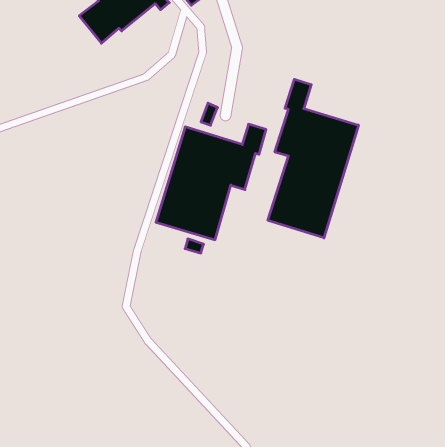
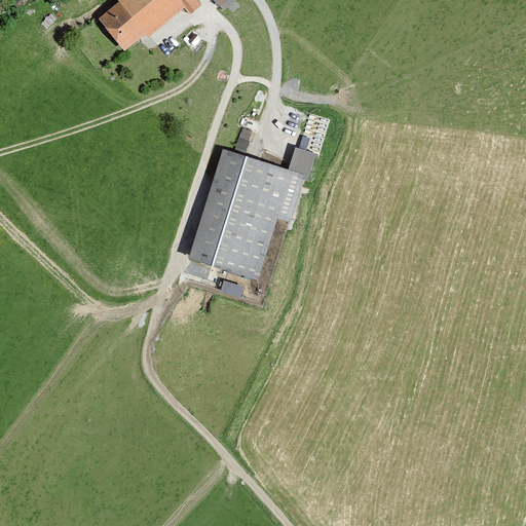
building: [268,79,358,238] -> none

